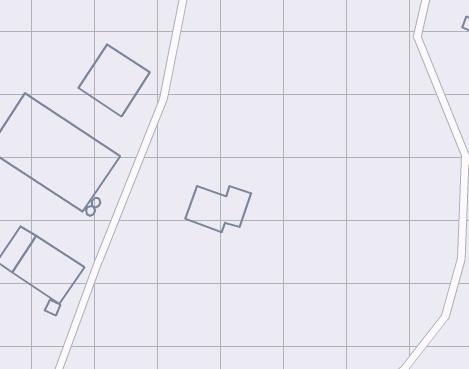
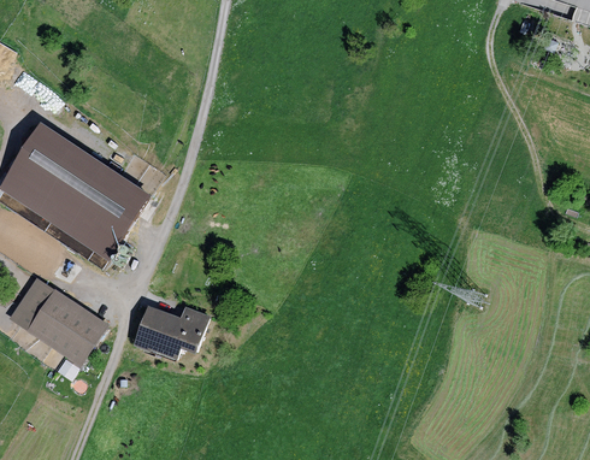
building: [78,44,150,116] -> none
building: [185,186,251,232] -> [134,306,210,359]

